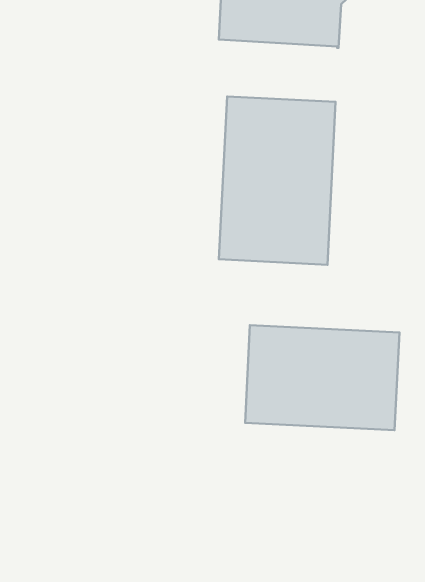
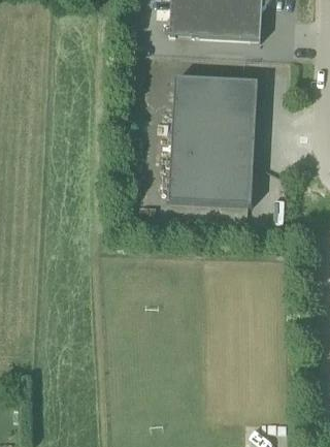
building: [245,325,400,430] -> none

